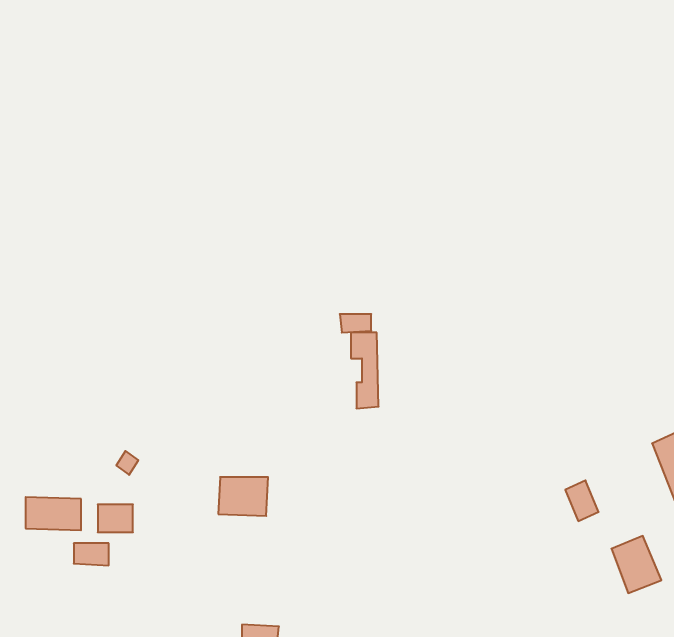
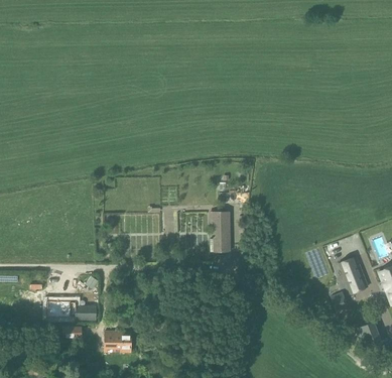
building: none -> [339,256,369,293]
building: [218,477,268,516] -> [105,331,132,352]

